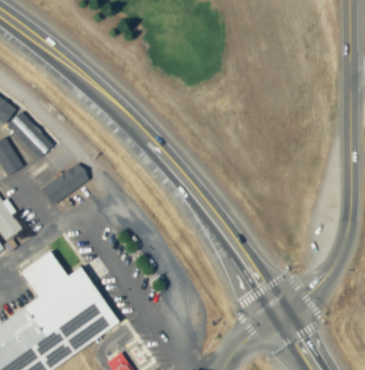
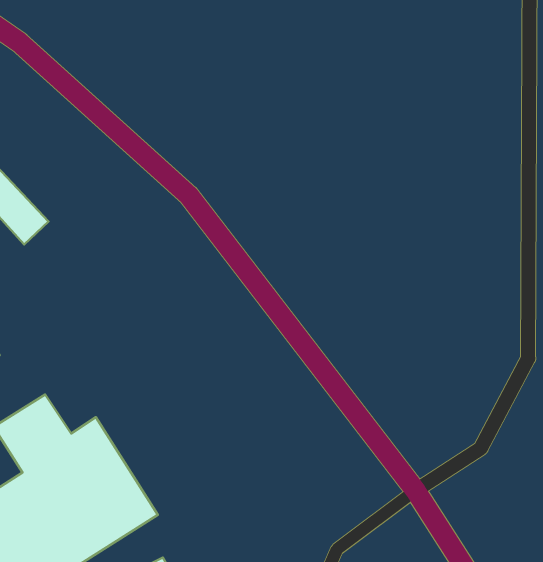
building: [42,161,90,204] -> none

